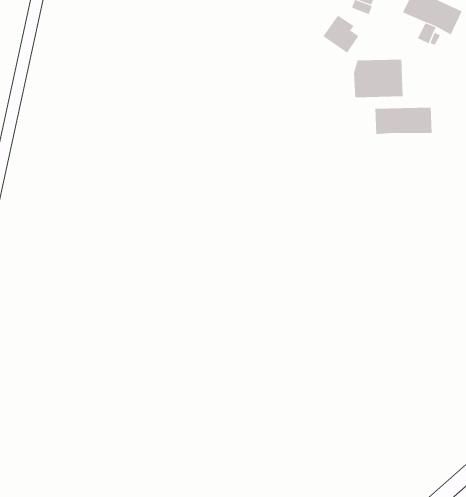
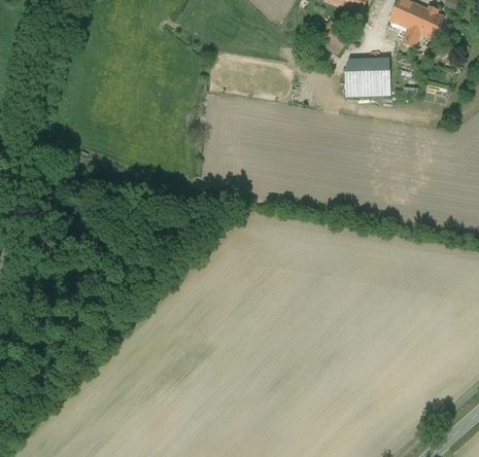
building: [375,107,432,135] -> none

